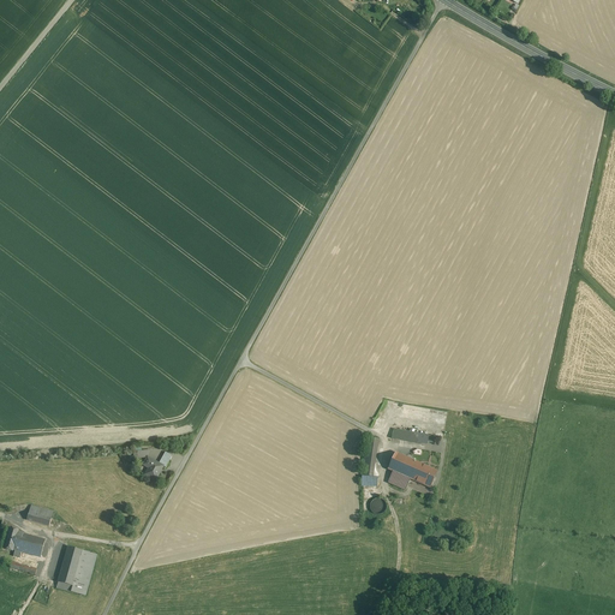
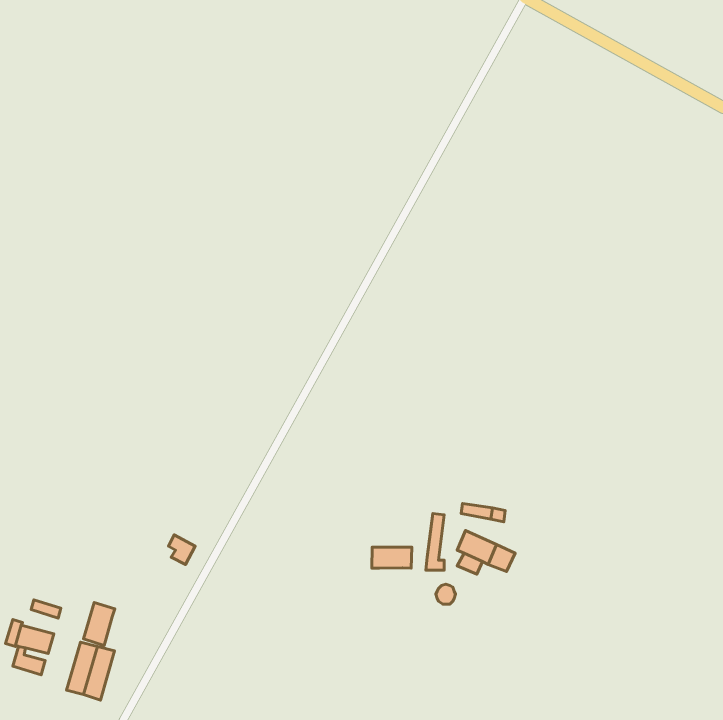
building: none -> [372,547,412,568]
building: none -> [84,602,115,645]

